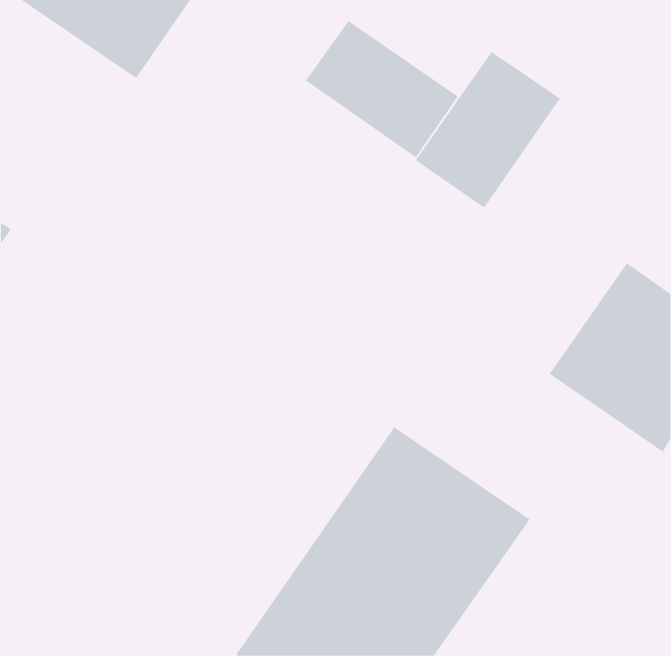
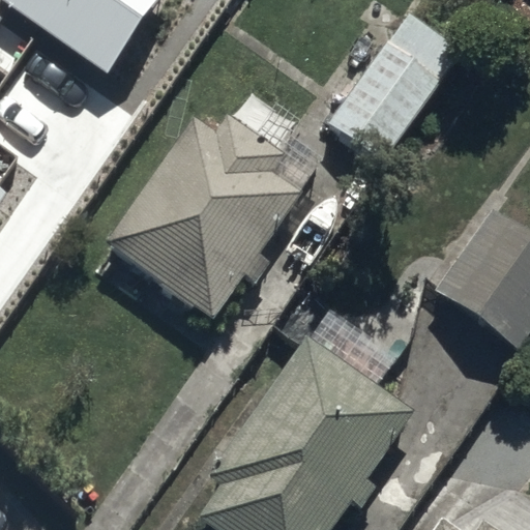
building: [305,20,459,158] -> none
building: none -> [107,118,301,320]

